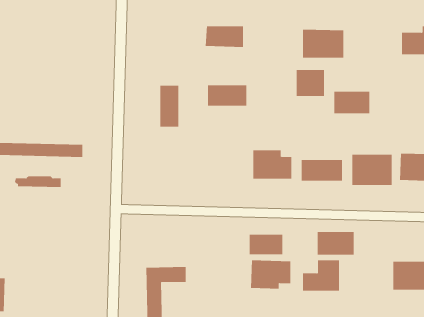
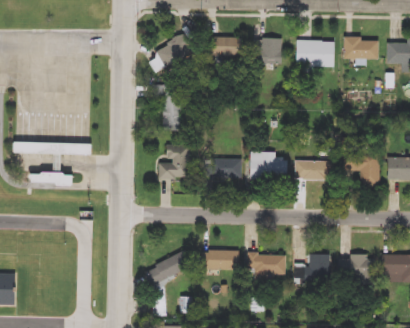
building: none -> [153,35,191,69]
building: [296,70,325,97] -> [254,39,281,64]
building: [207,85,247,106] -> [204,159,241,179]
building: [334,91,370,114] -> [343,38,377,59]
building: none -> [157,145,189,179]
building: [317,231,354,255] -> [338,256,373,278]
building: [249,234,283,255] -> [205,251,237,270]

